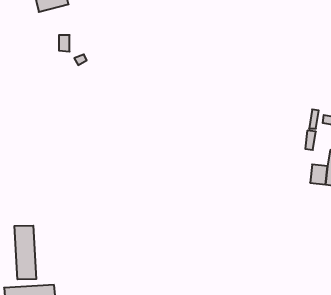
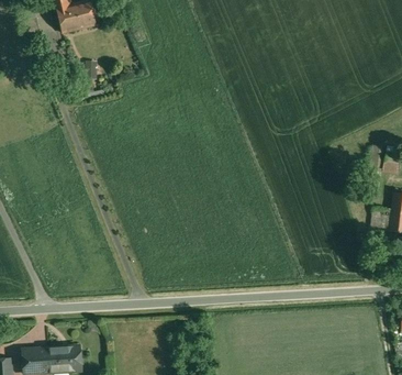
building: [14,226,36,279] -> none

